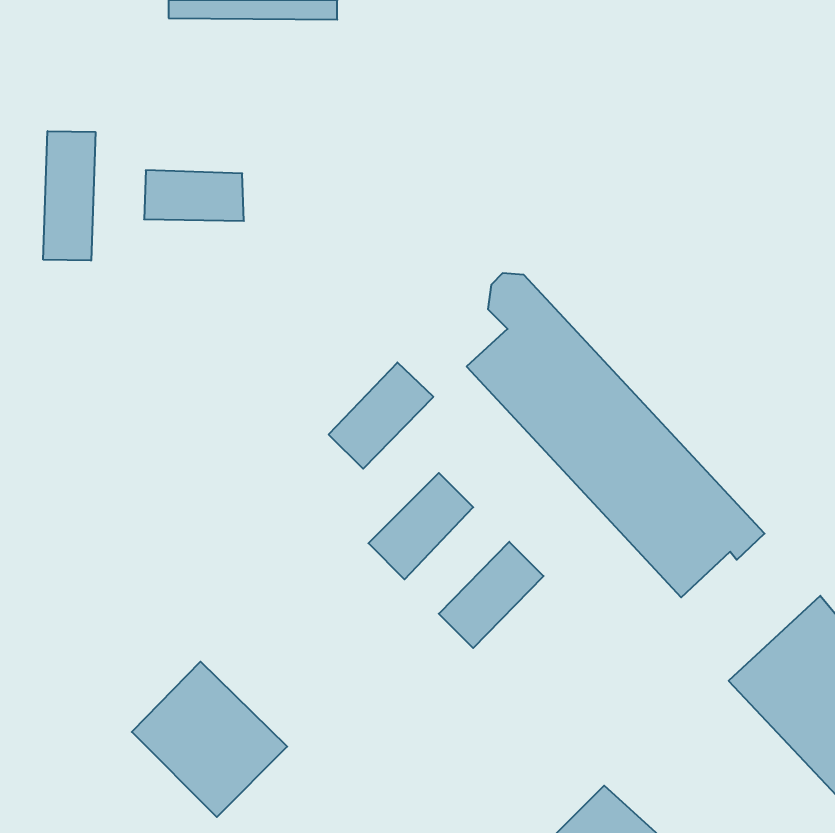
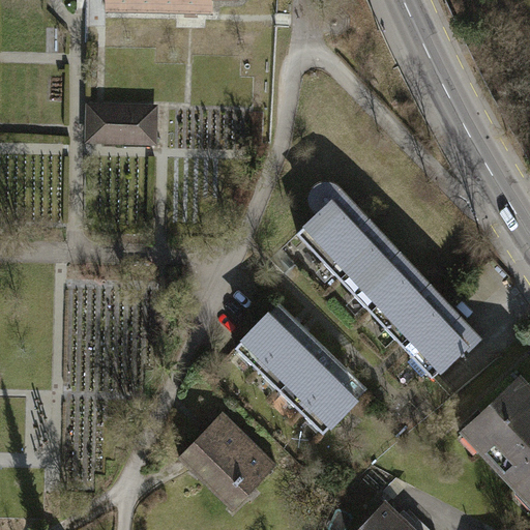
building: [43,131,95,261] -> none
building: [329,362,433,469] -> [257,323,323,390]
building: none -> [300,366,367,434]
building: [132,662,287,817] -> [178,413,276,511]

